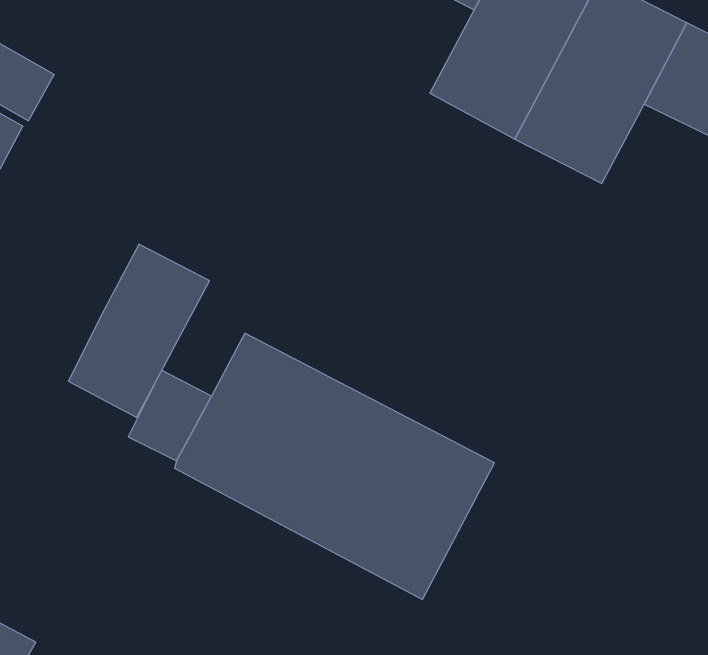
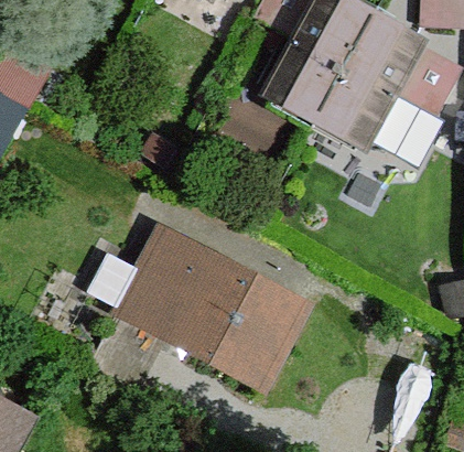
building: [68,244,209,417] -> none

